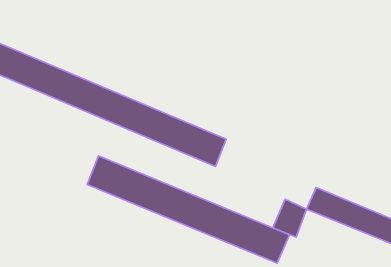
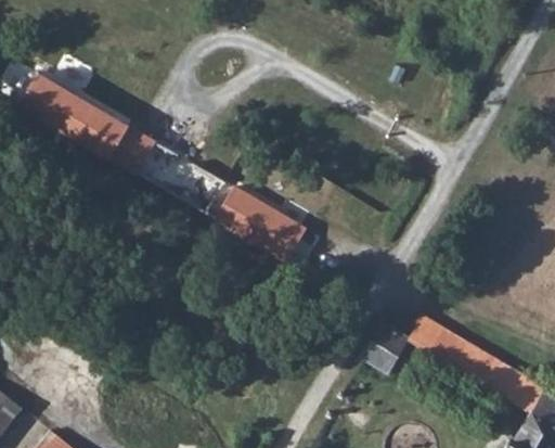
building: [87,156,290,263] -> none

